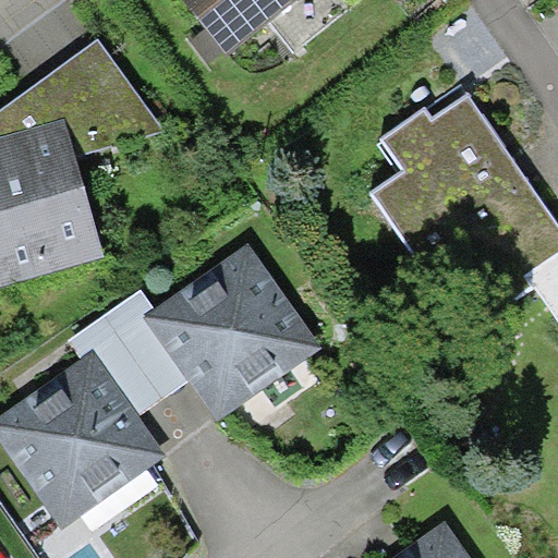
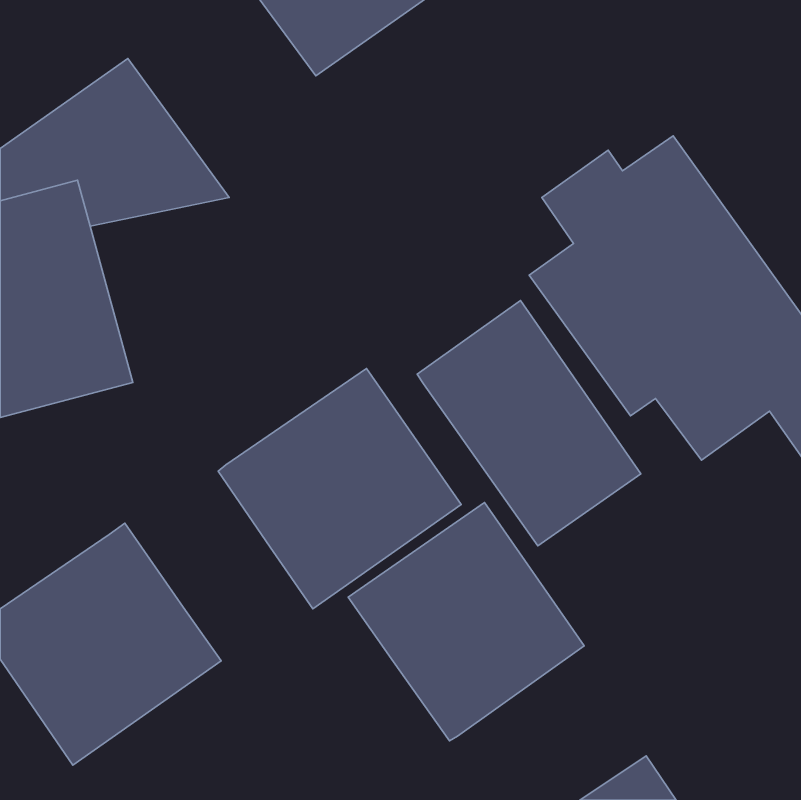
building: none -> [417,301,641,546]
building: [62,289,191,418] -> none
building: none -> [348,503,584,741]

